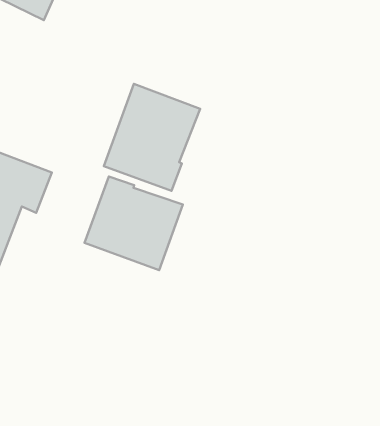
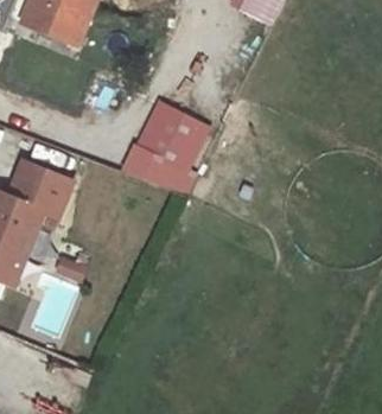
building: [85,176,183,270] -> none

